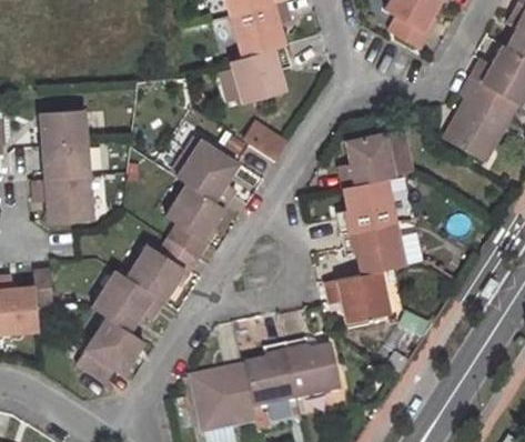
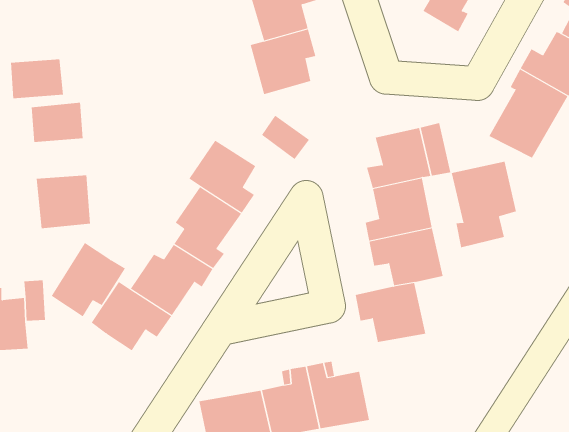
building: [41,142,89,178] -> [10,59,64,99]
building: none -> [451,161,516,248]
building: [75,315,142,382] -> [51,242,126,317]

